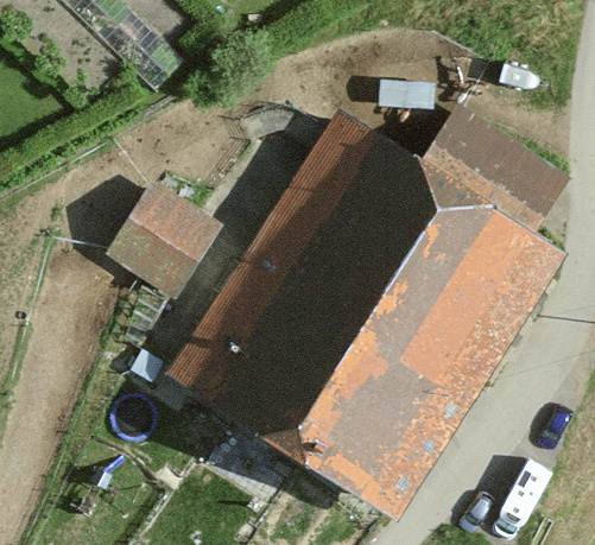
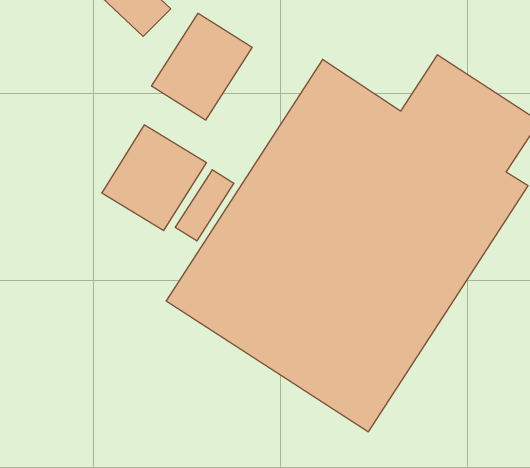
building: none -> [152,13,252,120]

